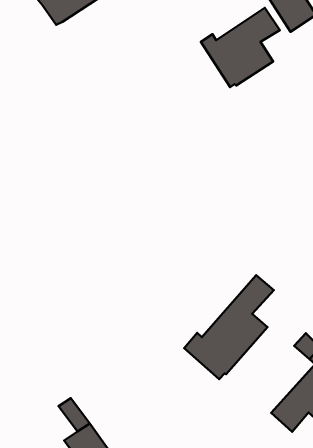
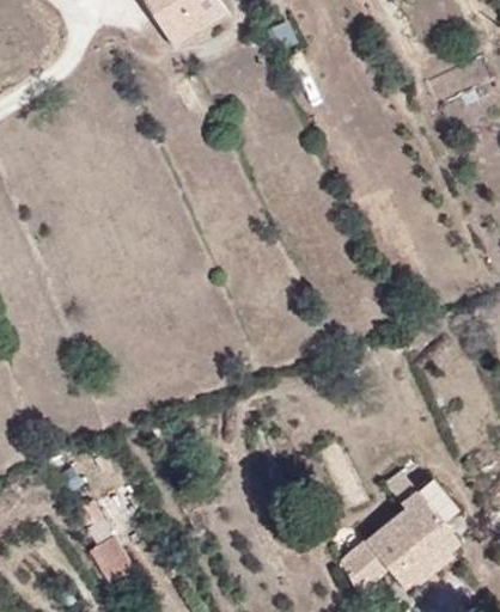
building: [201,8,280,87] -> none
building: [184,275,274,379] -> none

